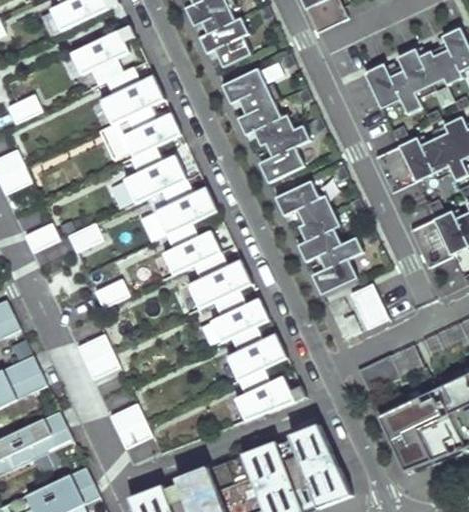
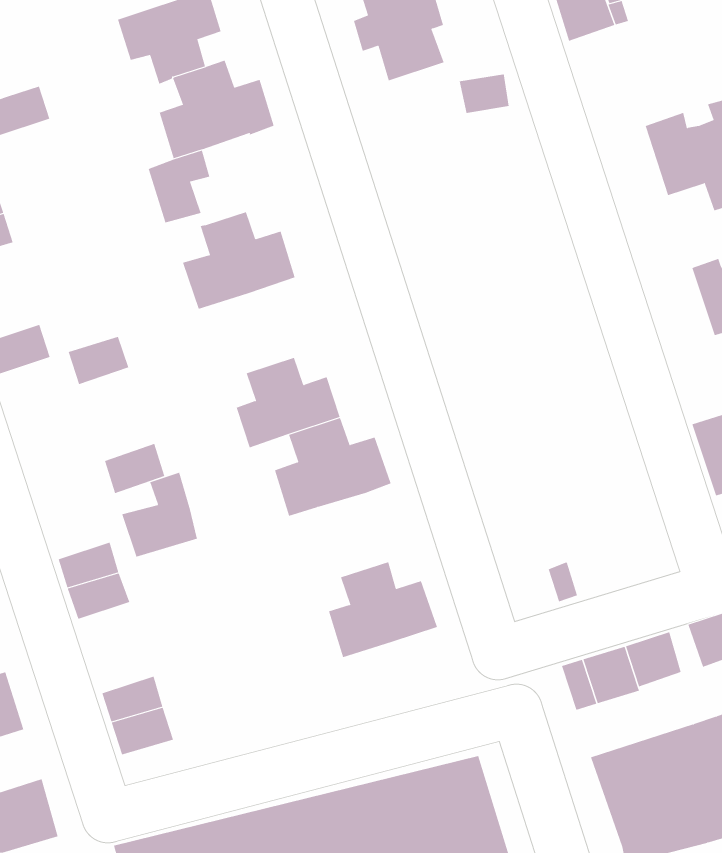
building: [221,68,310,182] -> none
building: [123,105,181,157] -> none
building: [374,146,415,192] -> none
building: [155,179,217,234] -> none
building: [275,180,363,294] -> none
building: [350,283,388,328] -> none
building: [211,290,269,342] -> none
building: none -> [122,472,198,558]
building: [235,368,294,420] -> none

